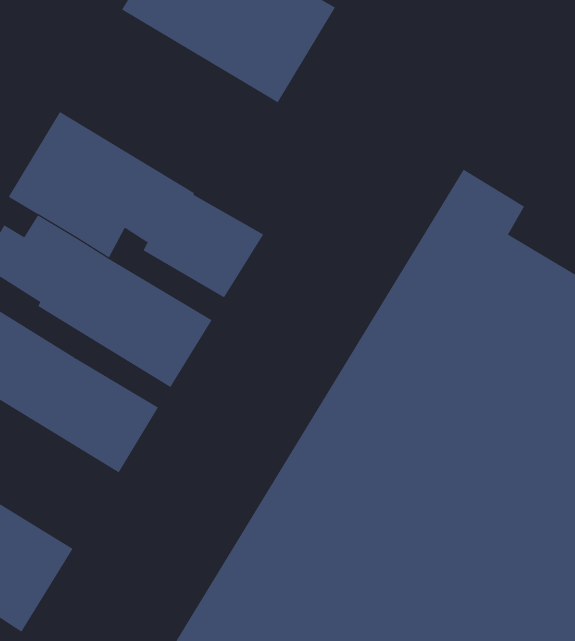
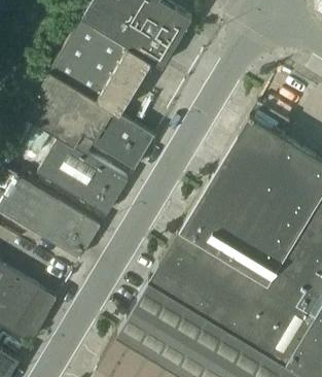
building: none -> [49,20,152,114]

